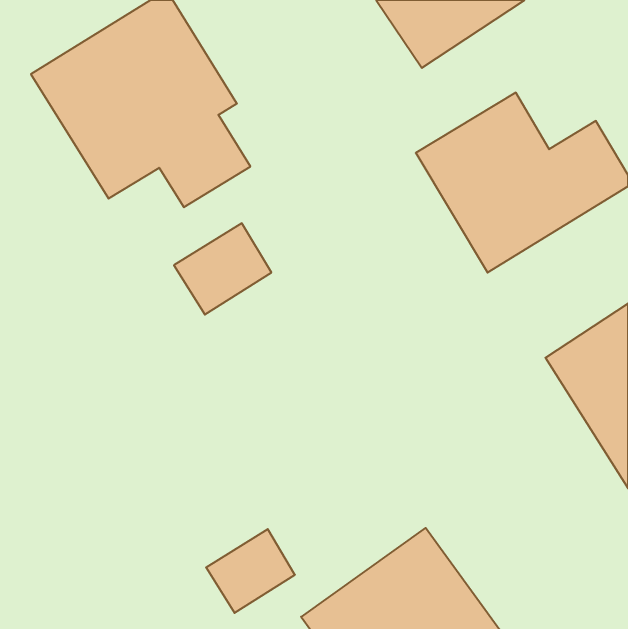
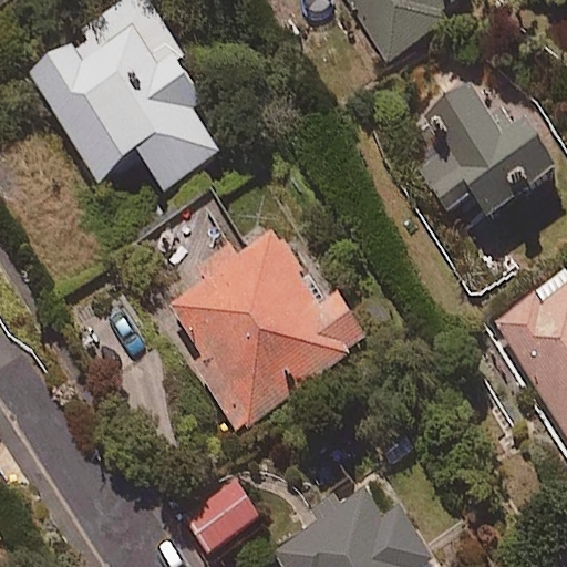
building: none -> [156,228,378,432]

